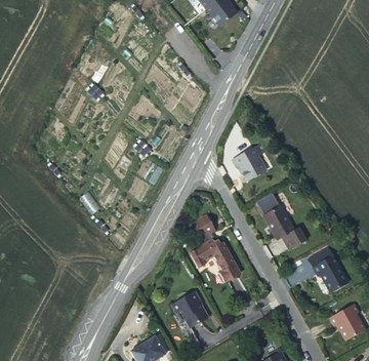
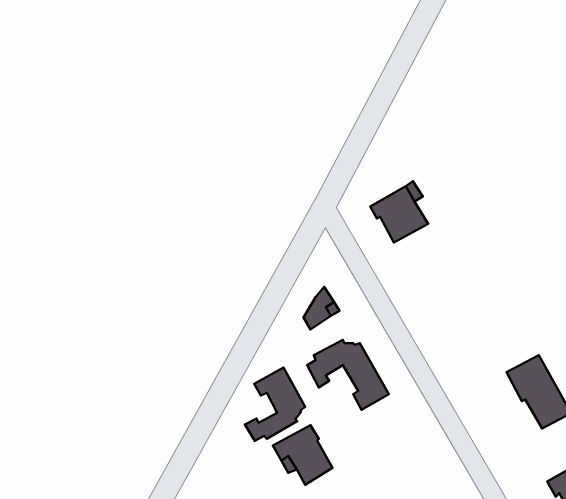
building: [262,201,310,247] -> none
building: none -> [245,368,305,441]

